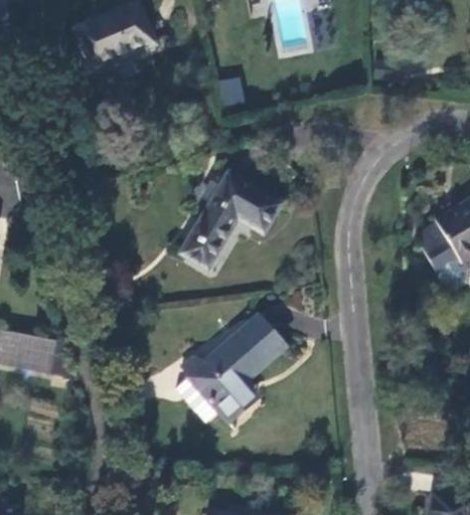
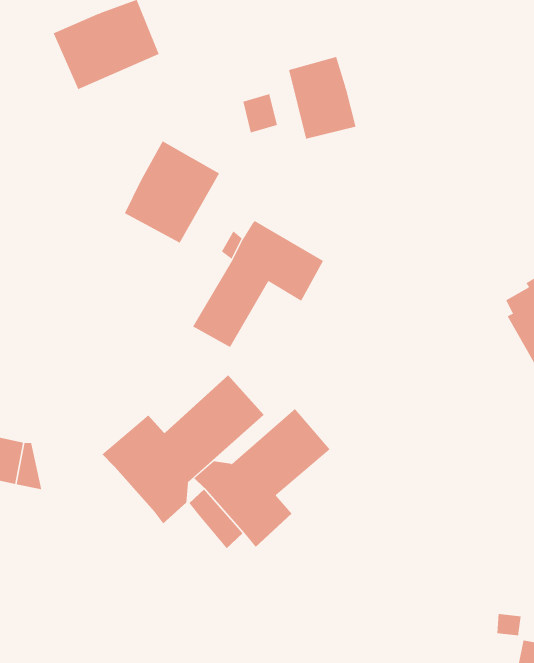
building: none -> [289,56,356,139]
building: none -> [124,141,220,244]
building: none -> [101,374,265,524]

